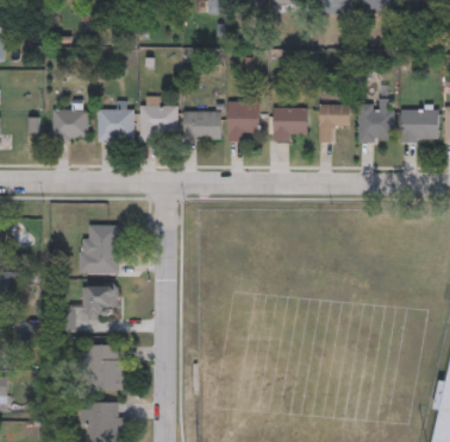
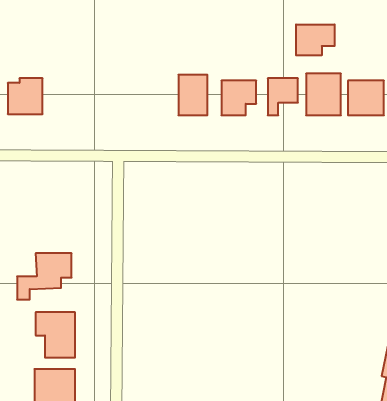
building: none -> [296,24,335,55]
building: [138,96,176,143] -> none
building: [96,102,132,143] -> none
building: [181,112,220,140] -> none
building: [81,226,118,273] -> none

